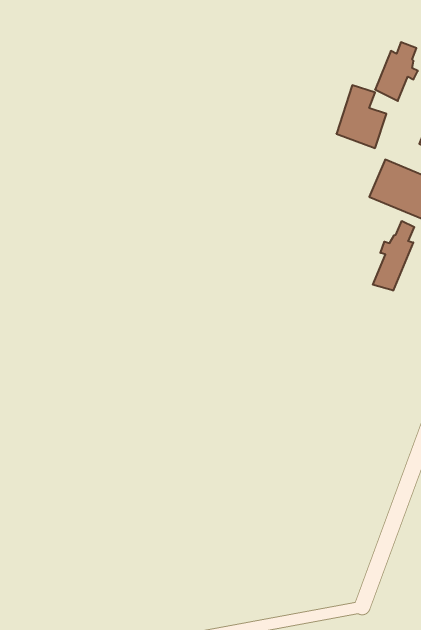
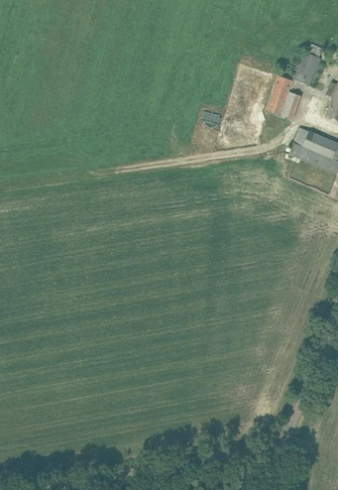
building: [373,221,414,291] -> none

